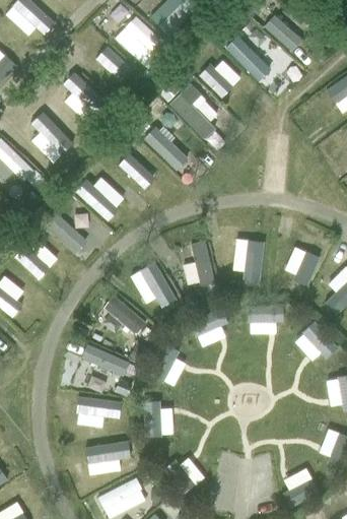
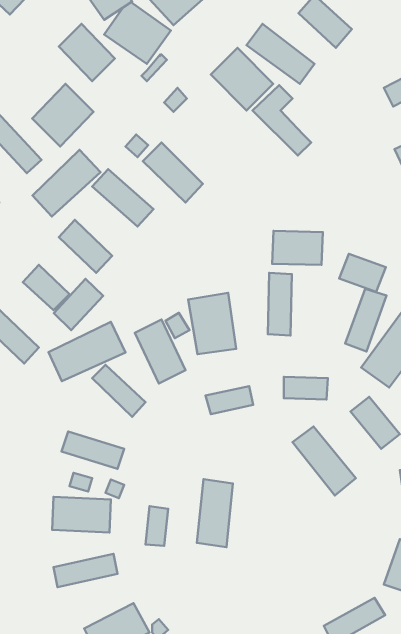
building: [169,86,214,140] -> [253,85,311,156]
building: none -> [32,150,101,216]
building: none -> [272,231,323,265]
building: none -> [339,254,386,292]
building: none -> [54,279,103,330]
building: none -> [48,322,125,381]
building: none -> [292,426,356,495]
building: none -> [197,479,233,547]

